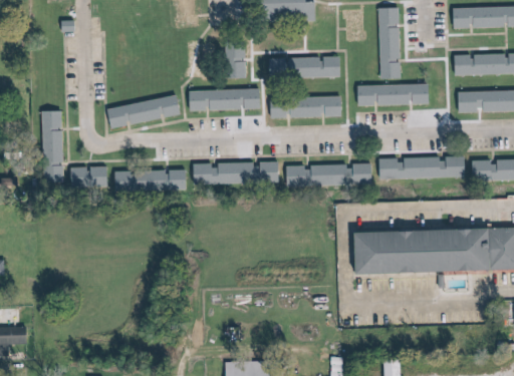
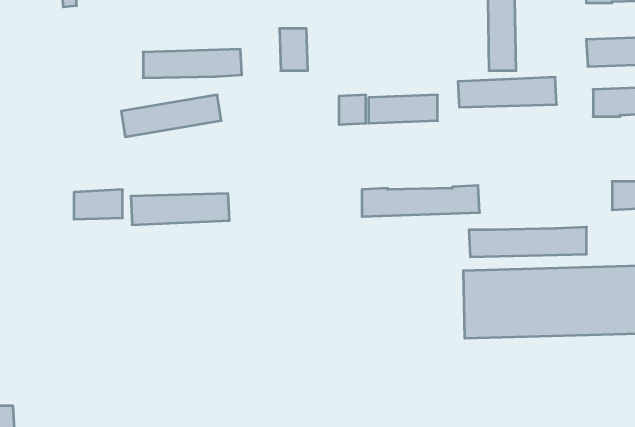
building: [268,57,341,79] -> none
building: [189,89,262,110] -> [143,49,242,78]
building: [42,111,64,182] -> none
building: [378,156,466,178] -> [469,227,587,257]
building: [193,162,280,185] -> none

